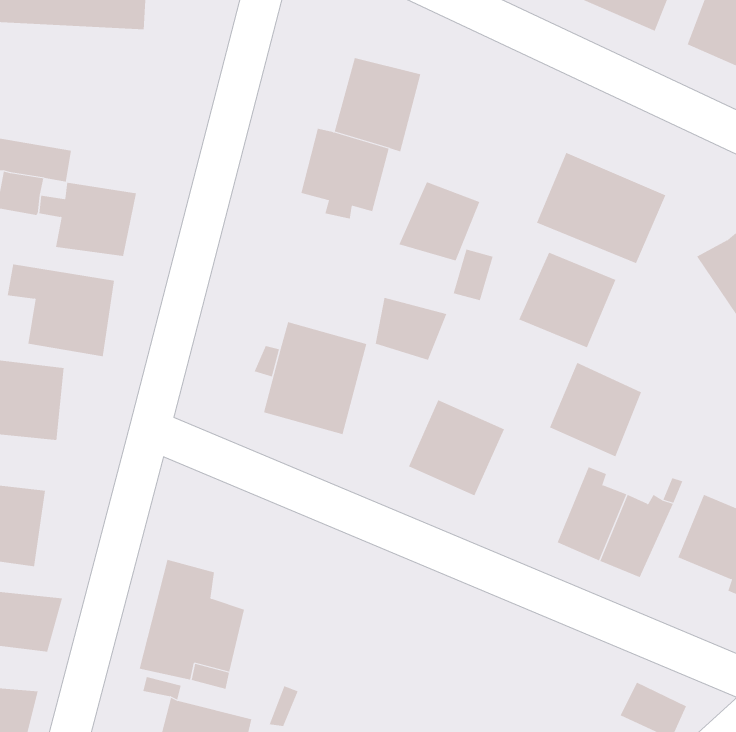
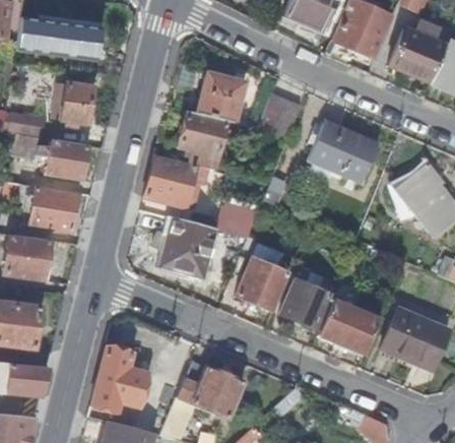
building: none -> [61,83,95,125]
building: [399,181,480,261] -> [257,94,302,138]
building: none -> [145,153,196,205]
building: [518,252,616,348] -> none
building: [549,362,642,457] -> [281,278,332,330]
building: none -> [177,360,244,419]

